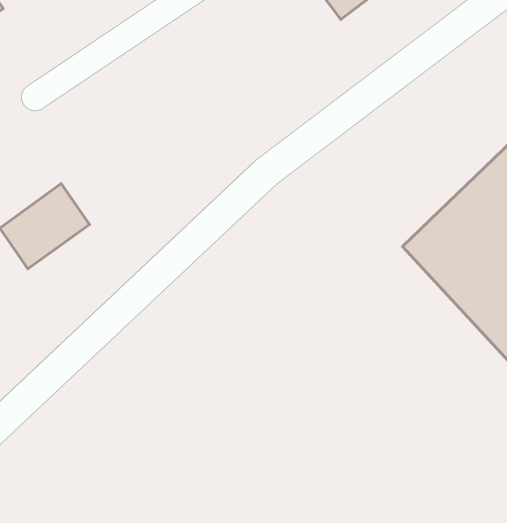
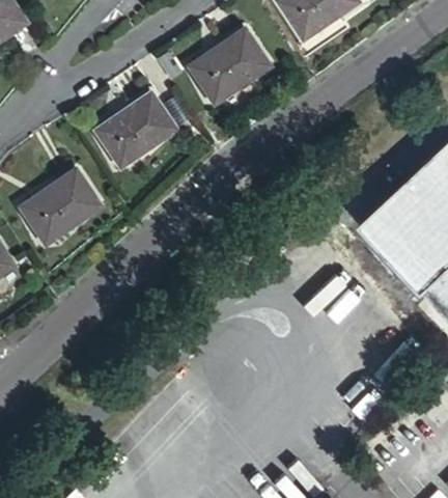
building: none -> [195,30,272,104]
building: none -> [107,102,183,173]

